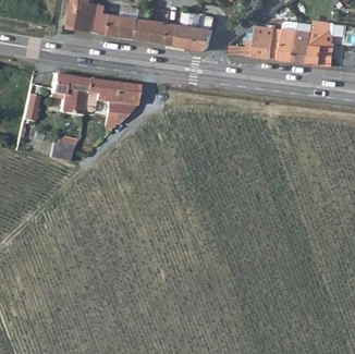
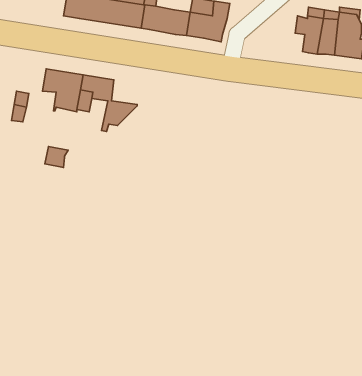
building: [245,26,281,60] -> none
building: [110,85,136,107] -> none

